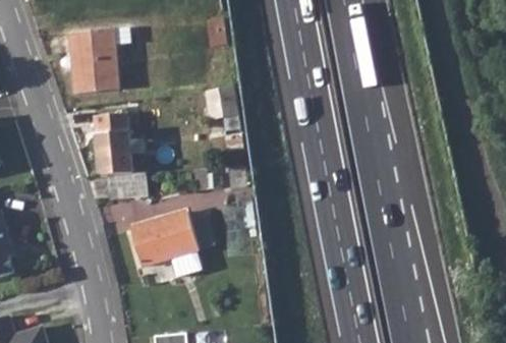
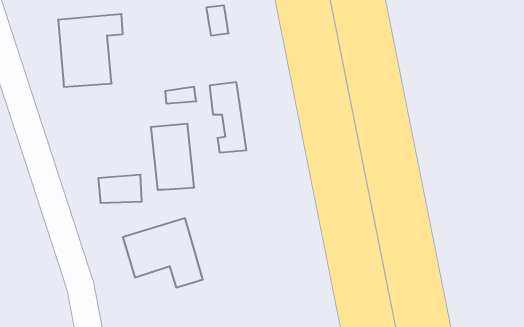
building: [95,115,134,175] -> [151,124,194,190]

